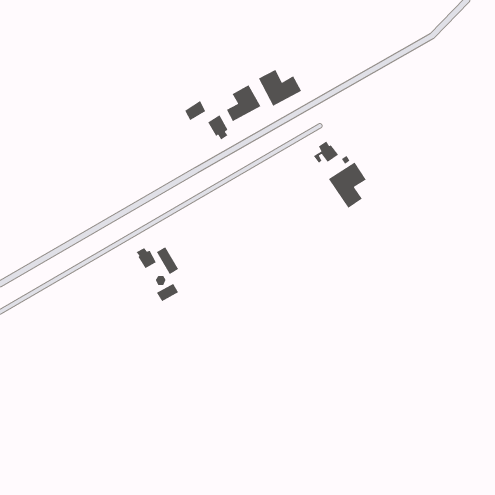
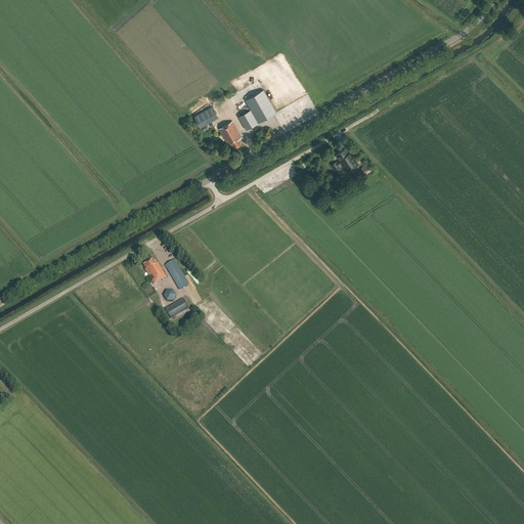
building: [258,69,302,107] -> none
building: [328,162,367,209] -> none

